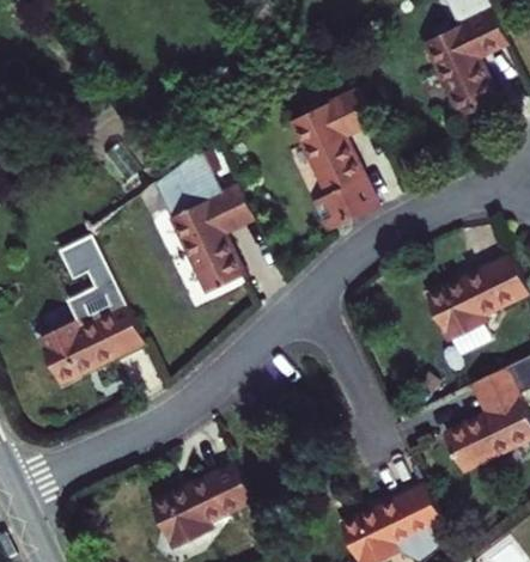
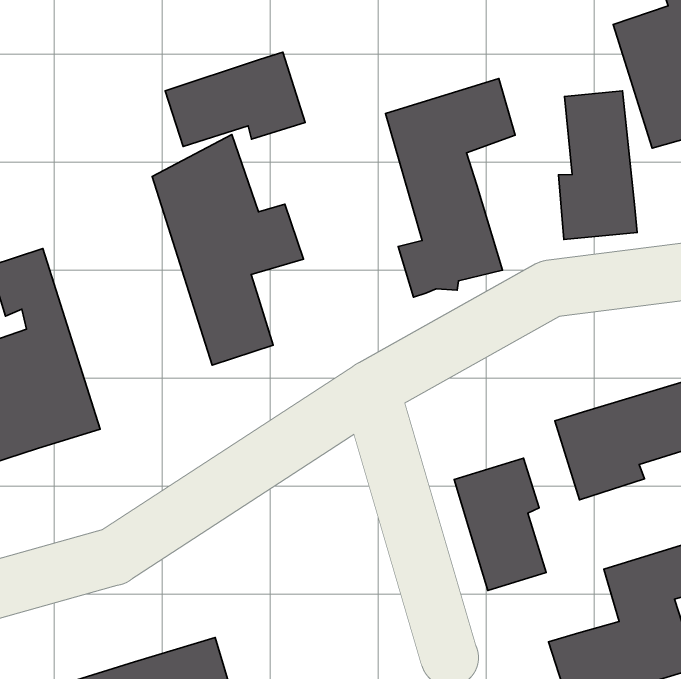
building: none -> [558,91,637,240]
building: none -> [165,52,305,147]
building: none -> [454,458,546,591]

